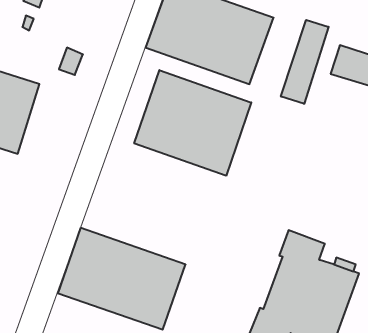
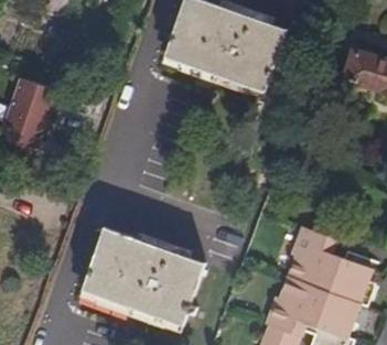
building: [281,20,329,104] -> none
building: [134,70,251,176] -> none

